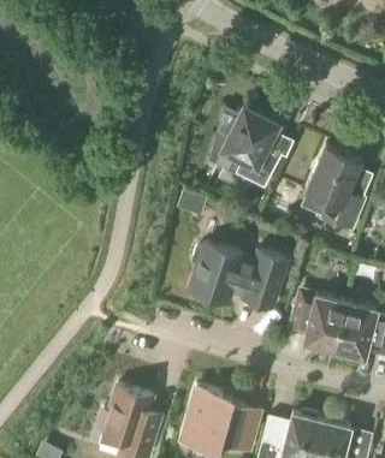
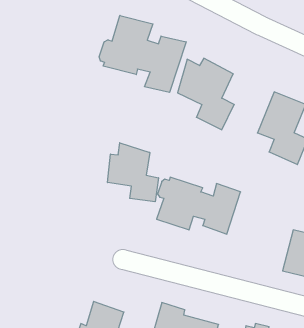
building: none -> [99,15,186,92]
building: none -> [108,143,158,202]
building: [291,293,346,350] -> none

